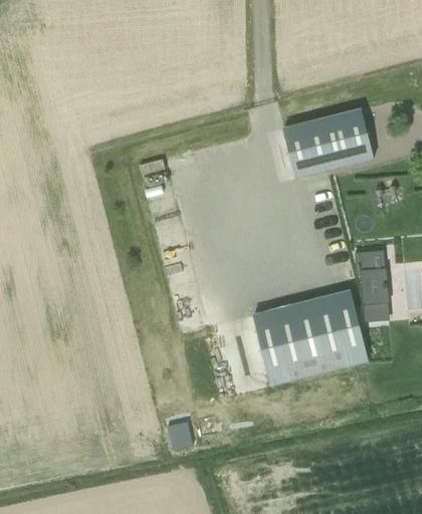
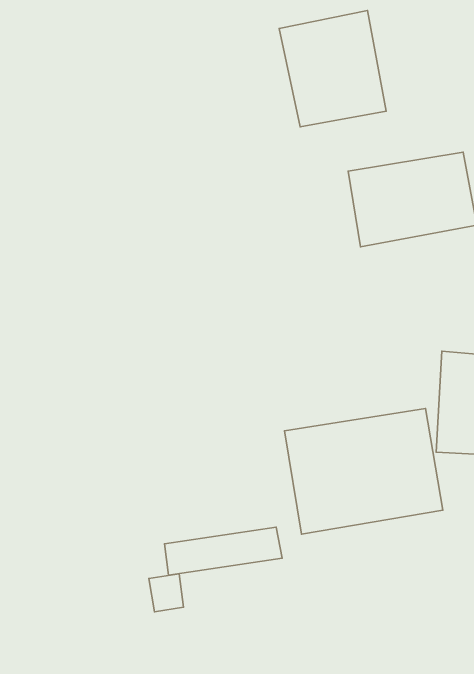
building: none -> [279,11,386,127]
building: none -> [164,527,282,575]

